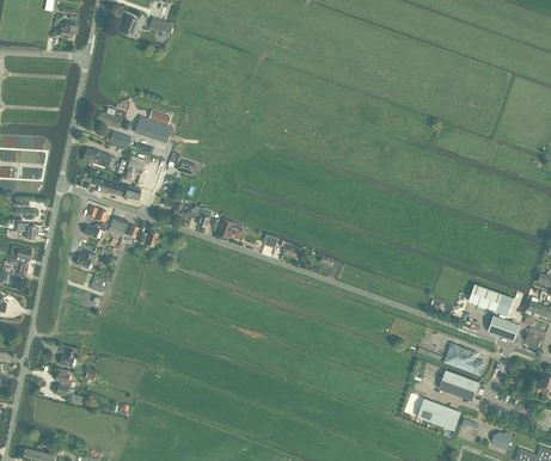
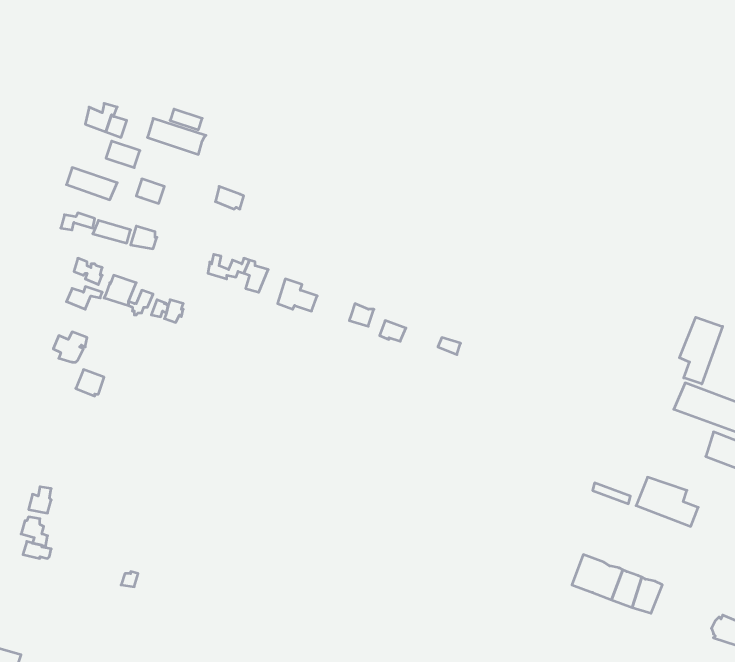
building: none -> [679,317,723,384]
building: [437,369,478,400] -> none

